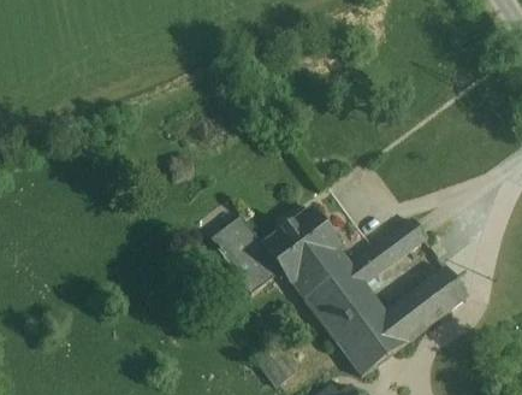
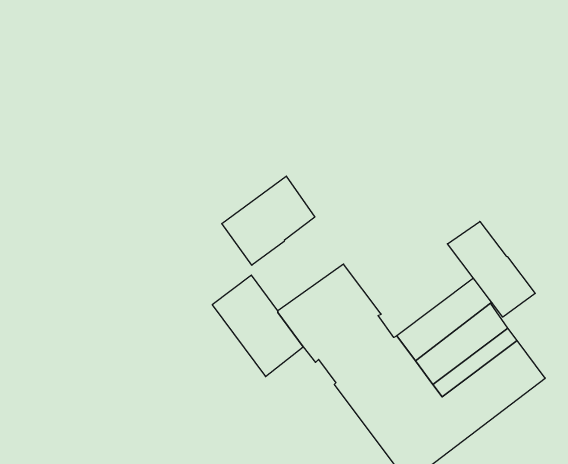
building: none -> [222,176,315,265]
building: none -> [447,221,535,317]

